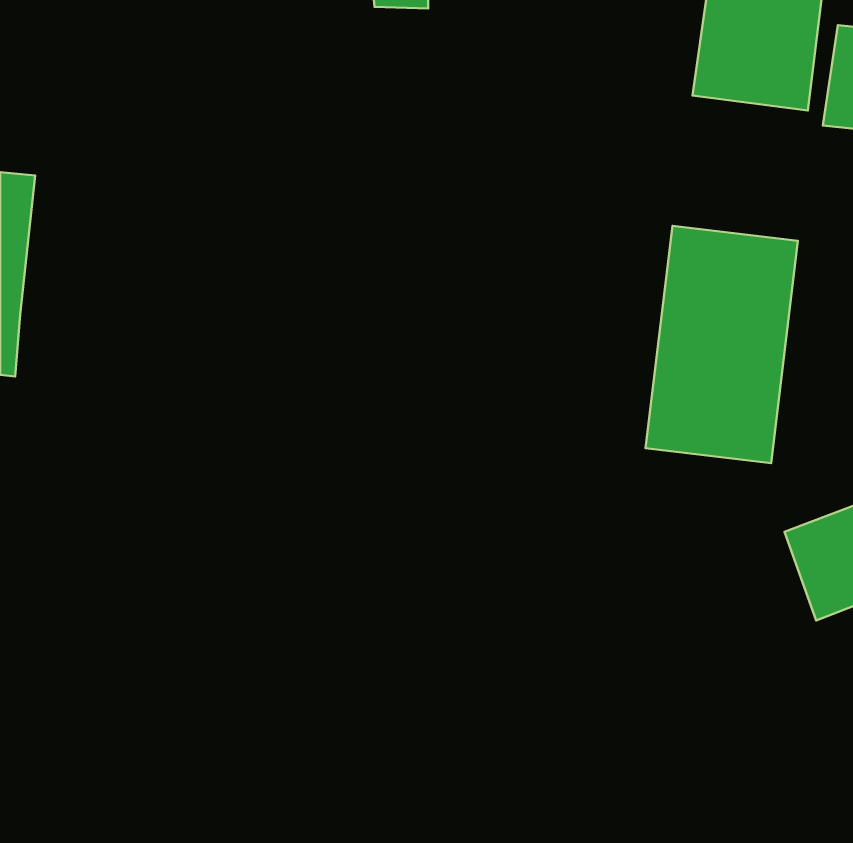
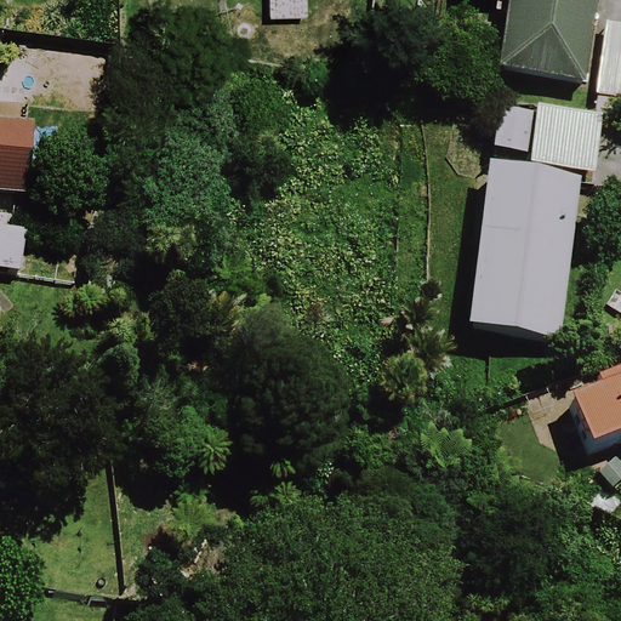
building: none -> [494,96,603,165]

